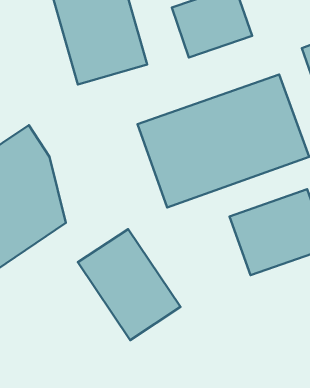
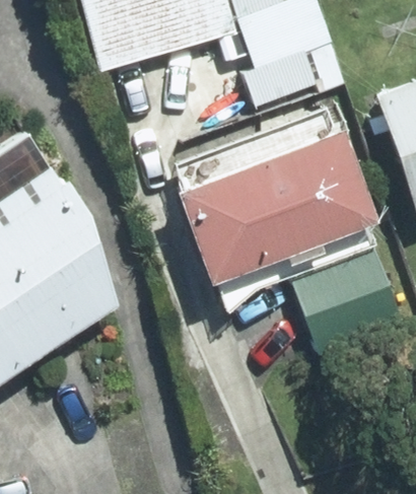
building: [78,229,180,340] -> none

